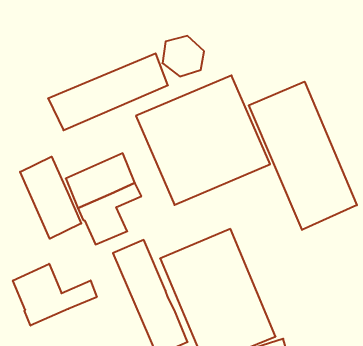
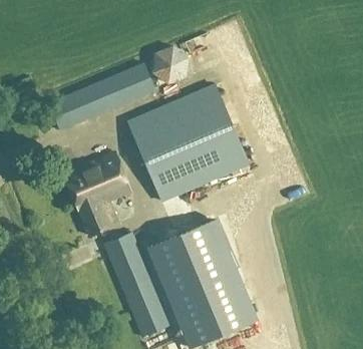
building: [249,82,357,230] -> none
building: [20,157,81,239] -> none
building: [13,264,97,326] -> none

